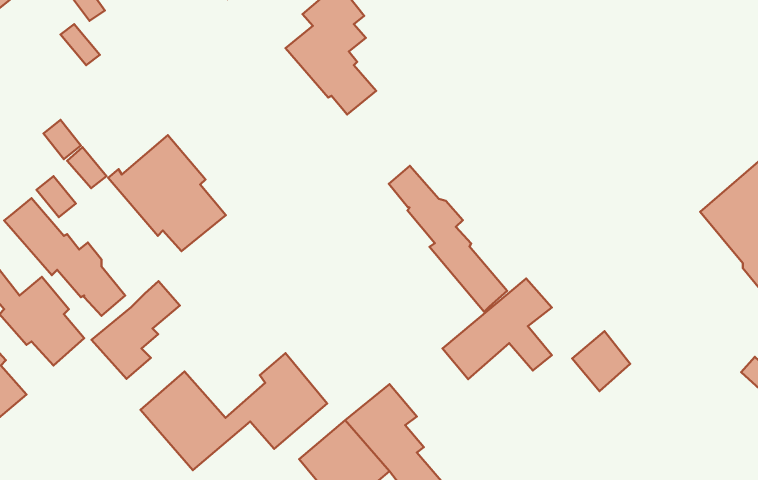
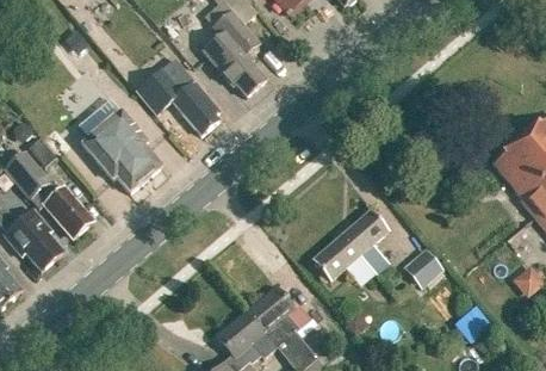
building: none -> [138,57,218,132]
building: [389,166,507,312] -> none
building: [92,281,180,379] -> none
building: [141,353,327,470] -> none

